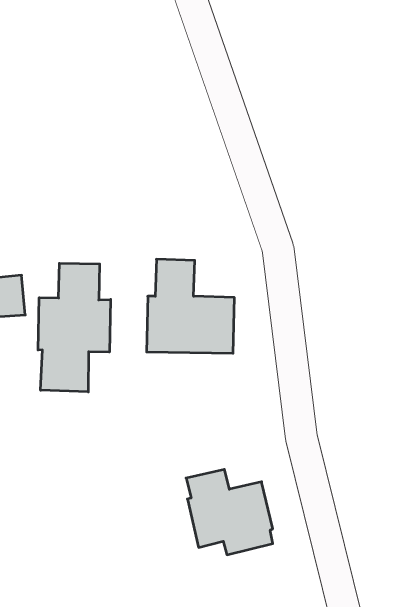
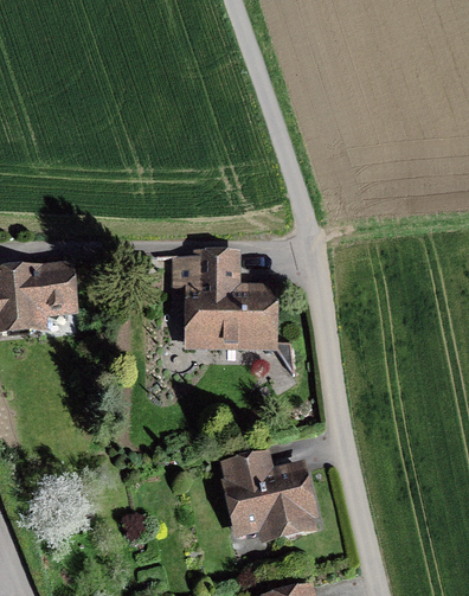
building: [38,263,111,392] -> none

